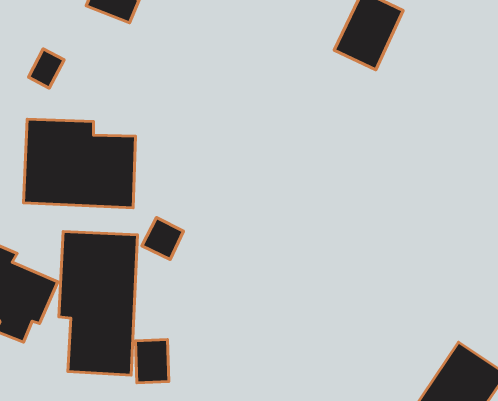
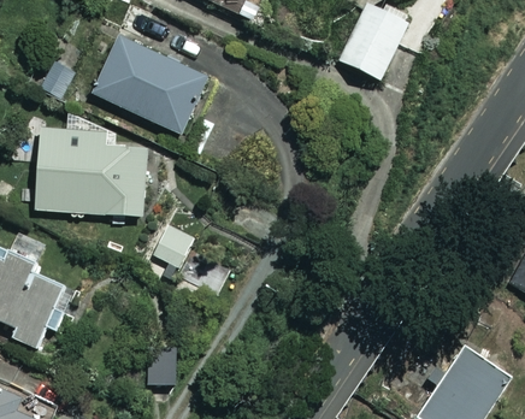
building: none -> [90,36,211,136]
building: [59,232,137,375] -> none

